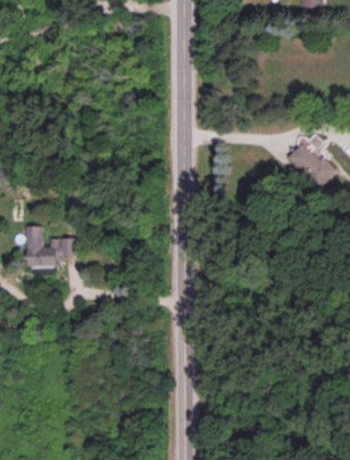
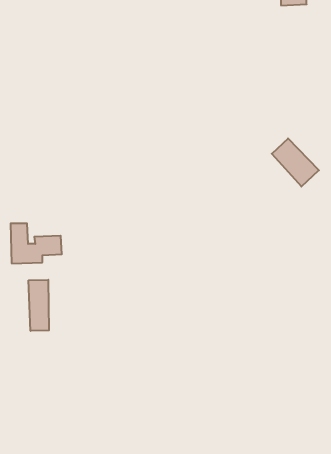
building: none -> [29,280,49,331]

